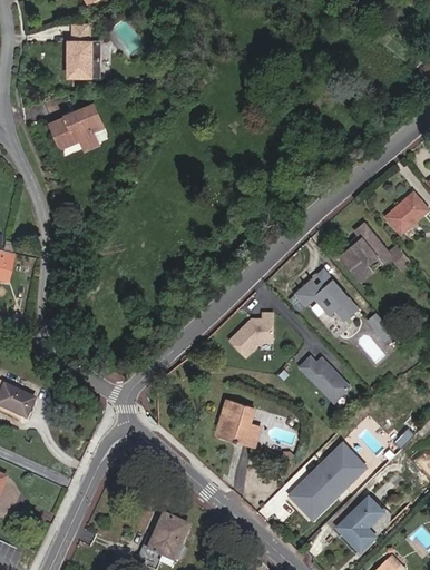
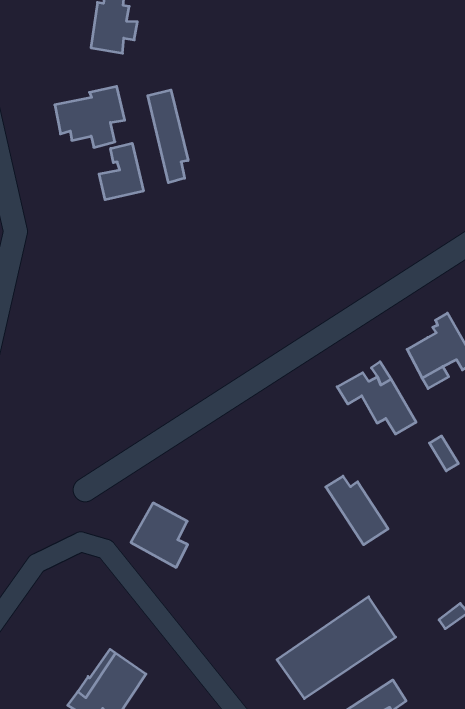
building: none -> [148,90,188,183]
building: none -> [99,143,143,200]
building: [228,313,271,356] -> none
building: [216,401,257,444] -> [131,503,188,567]

